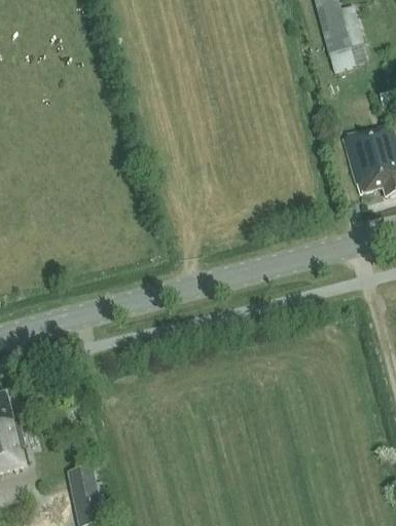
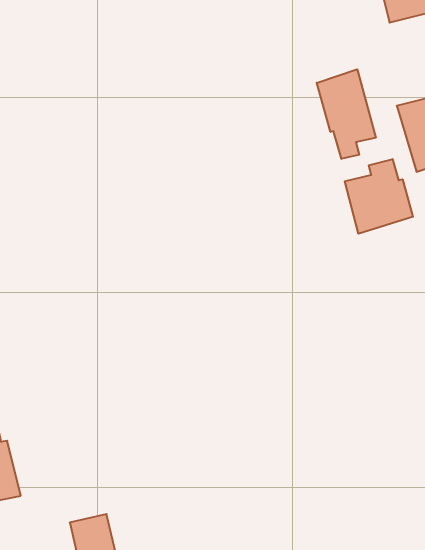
building: none -> [317,69,376,159]
building: none -> [345,159,413,234]

